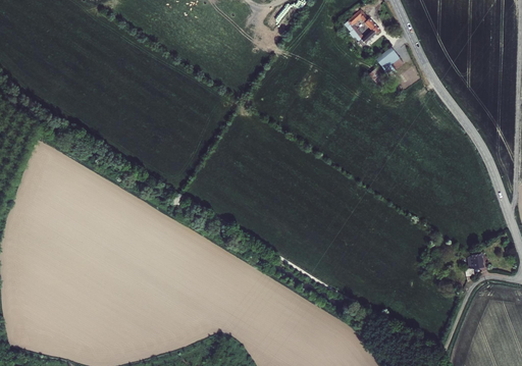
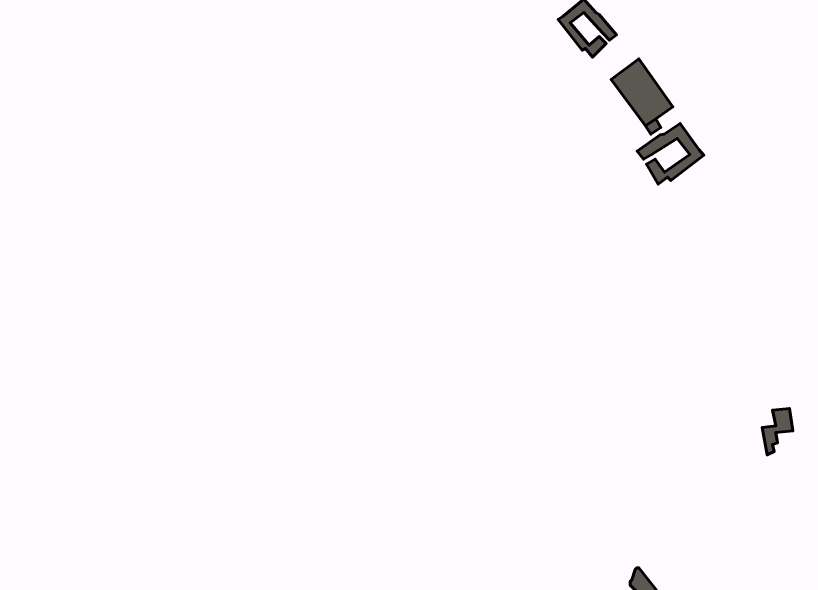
building: none -> [637,123,704,184]

